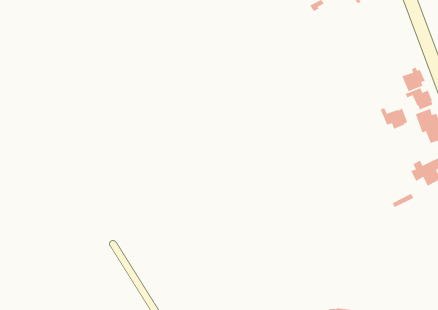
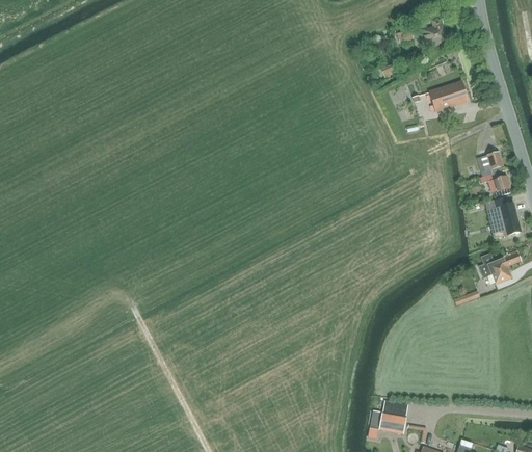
building: none -> [427,80,468,110]
building: [379,107,408,130] -> none

